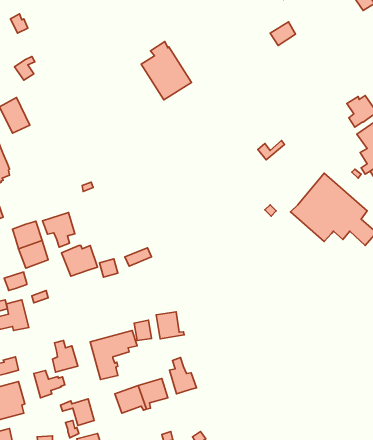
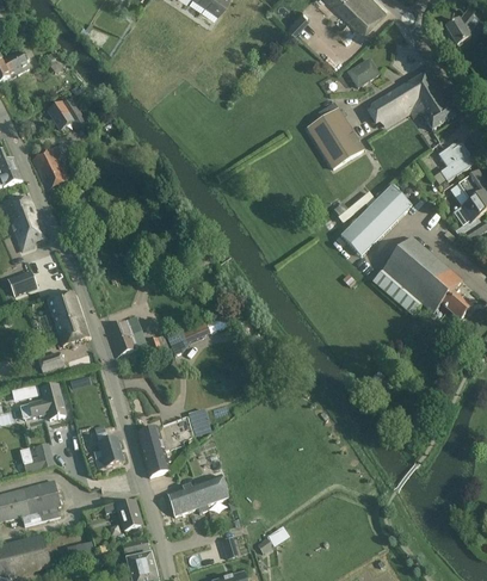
building: none -> [365,70,455,129]
building: [141,42,191,100] -> [306,100,364,168]
building: none -> [340,184,412,255]
building: [42,212,75,247] -> none
building: [156,312,184,339] -> none
building: [170,357,196,394] -> none
building: [34,370,65,398] -> none

